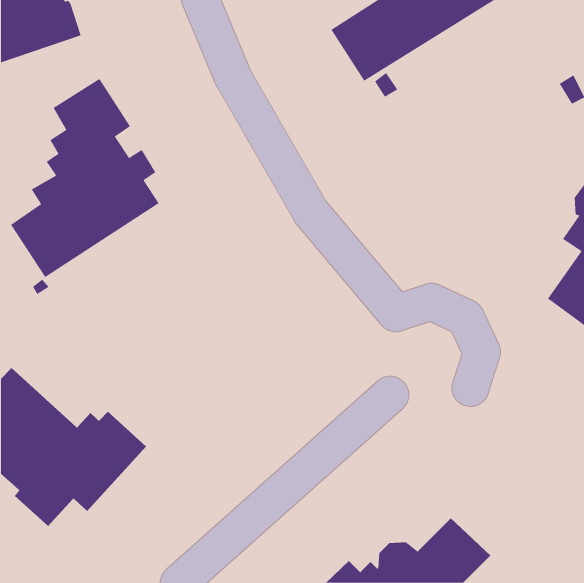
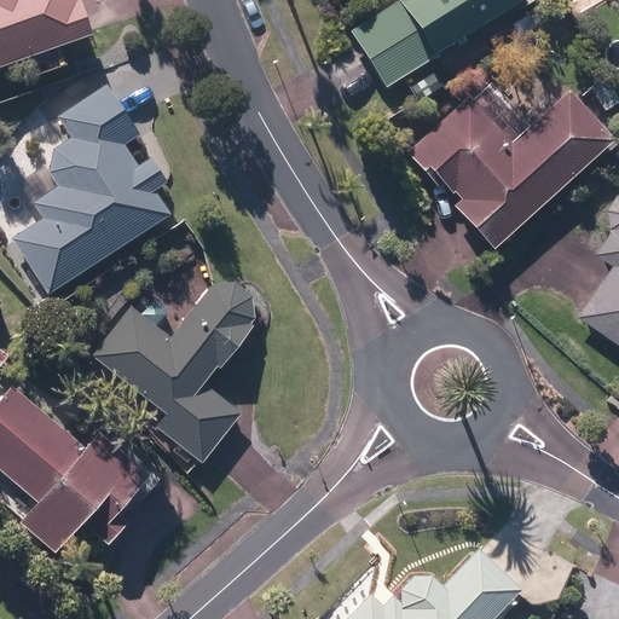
building: none -> [406,91,612,249]
building: none -> [92,282,255,462]

